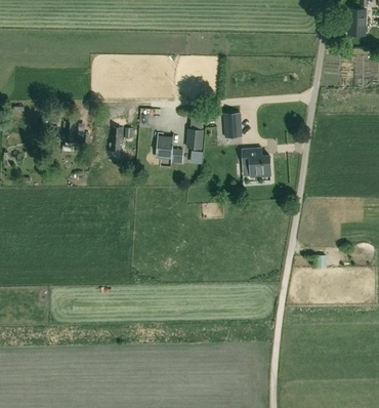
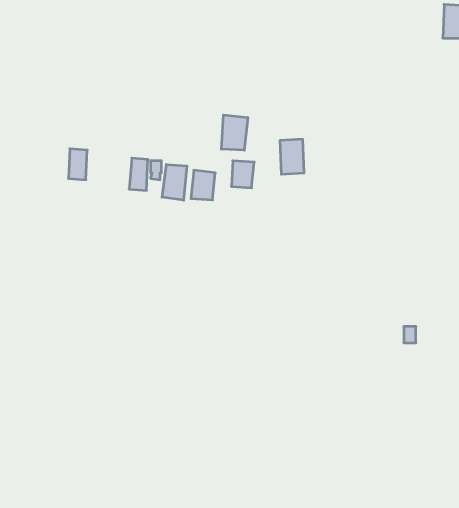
building: none -> [221,115,248,150]
building: none -> [162,164,187,200]
building: [243,149,270,176] -> none

